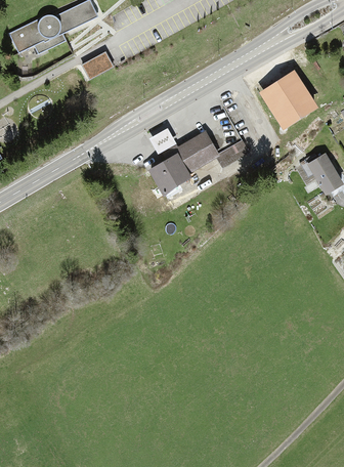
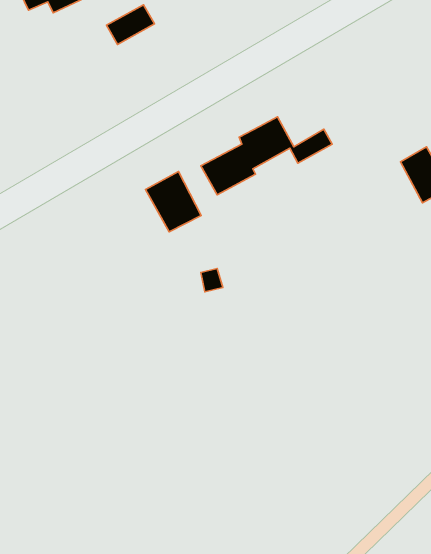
building: [253,70,311,128] -> none
building: none -> [145,172,201,232]

